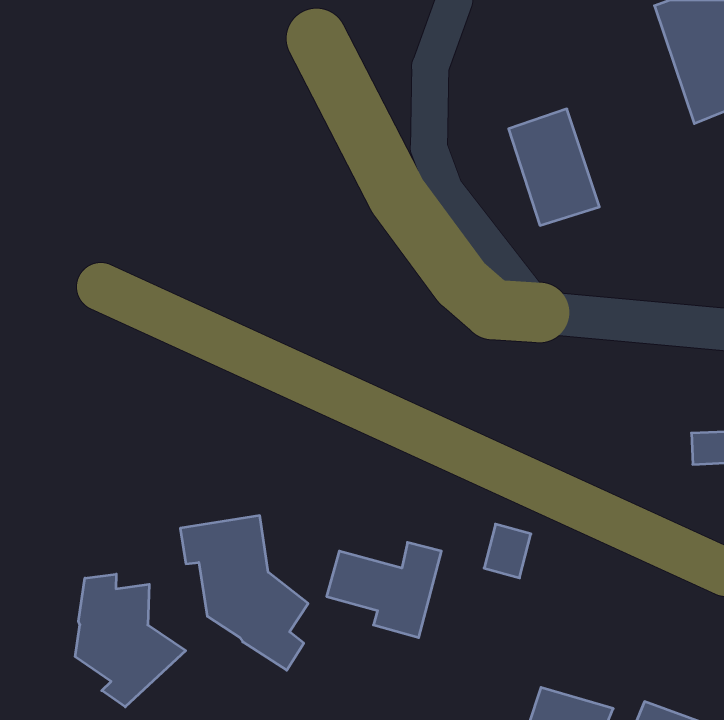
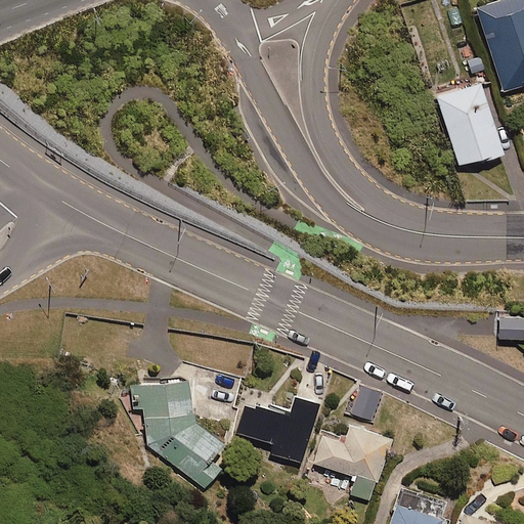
building: [509,109,599,225] -> [434,83,499,167]
building: [75,574,186,707] -> none
building: none -> [314,423,393,503]

